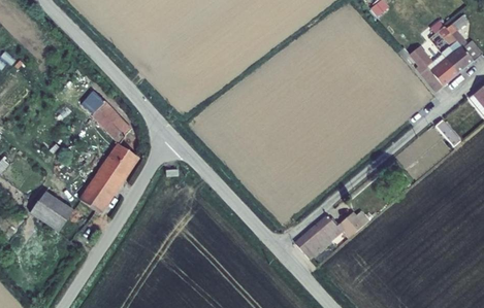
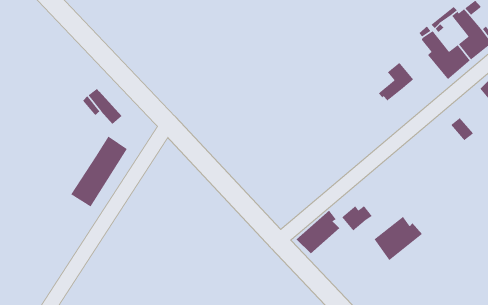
building: none -> [378,62,414,102]
building: [29,193,73,234] -> none
building: none -> [373,216,423,261]

